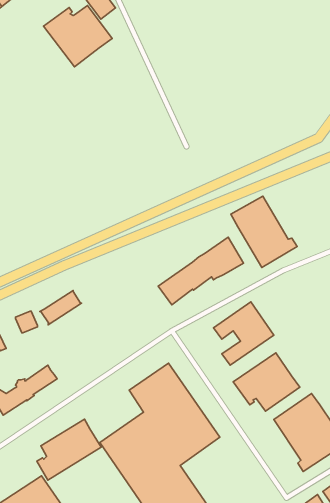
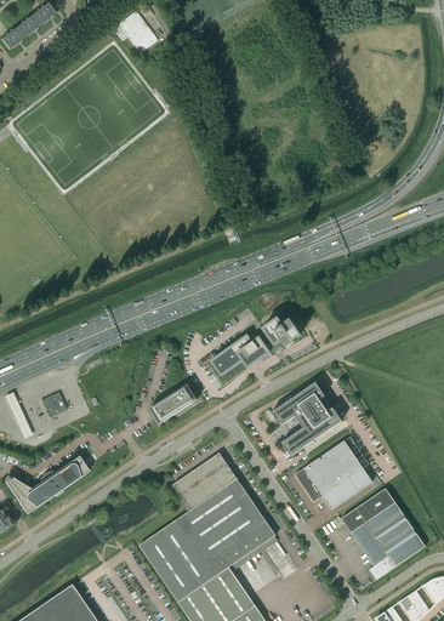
building: [43,5,112,67] -> none
building: [231,196,297,268] -> none
building: [40,291,82,325] -> [148,383,197,423]
building: [37,419,101,480] -> none

